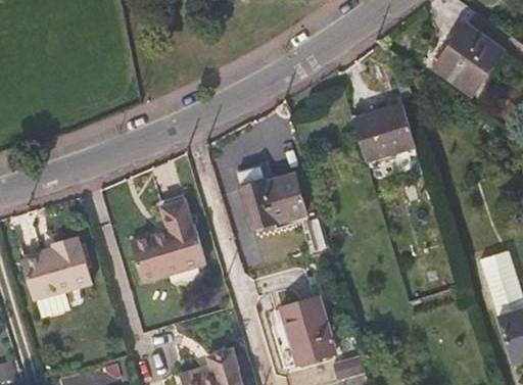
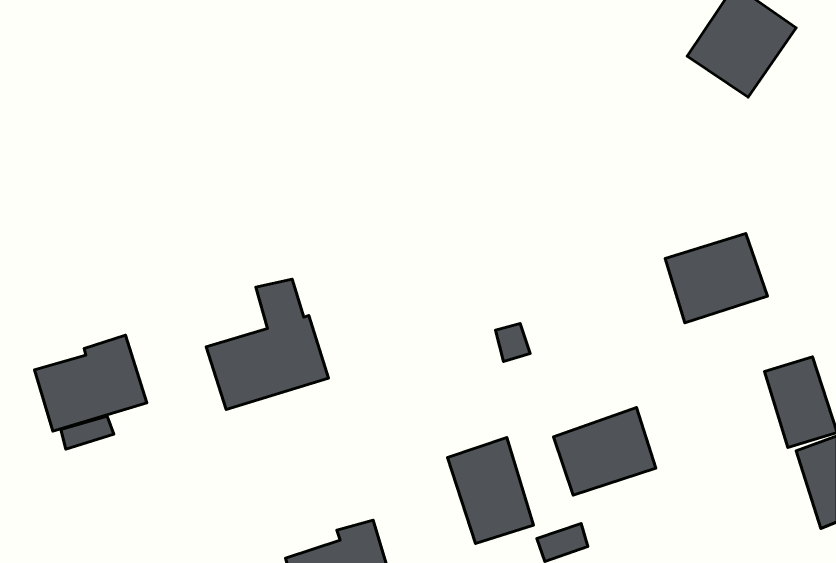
building: [352,105,416,160] -> [665,234,767,323]
building: [234,166,305,230] -> none
building: none -> [553,408,656,495]

